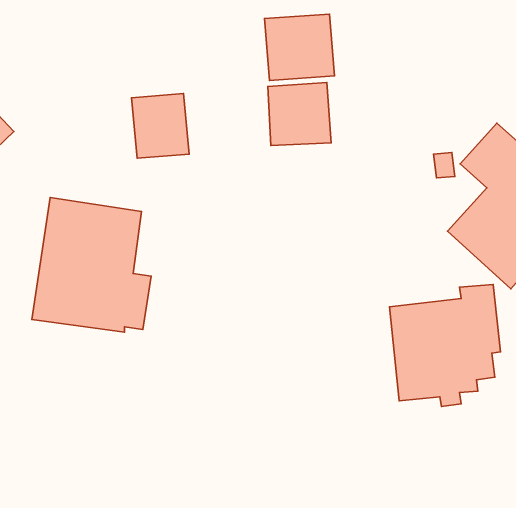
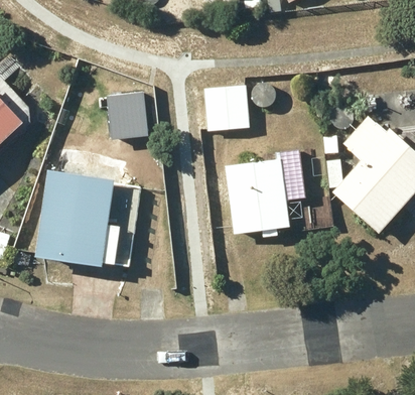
building: [264,14,334,80] -> none
building: [389,284,500,407] -> [226,149,305,237]

